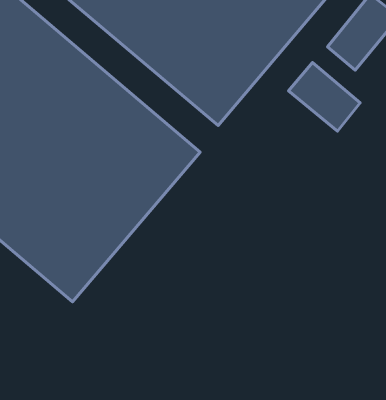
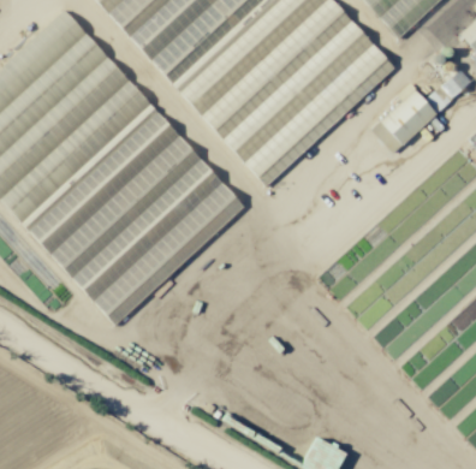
building: [288,62,360,131] -> none

